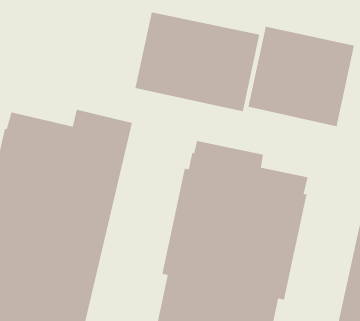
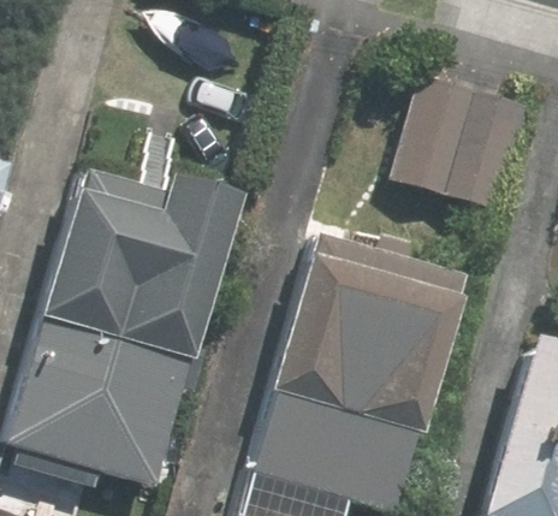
building: [135,11,260,112] -> none

